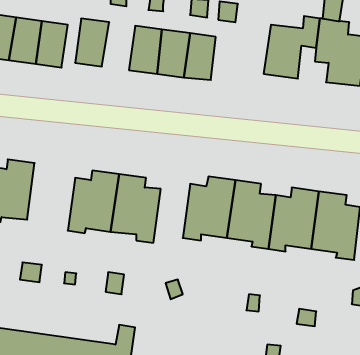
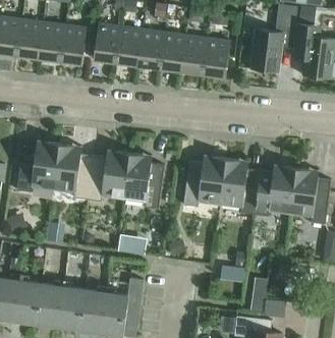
building: none -> [115,26,143,66]
building: none -> [206,39,229,77]
building: none -> [53,144,93,200]

